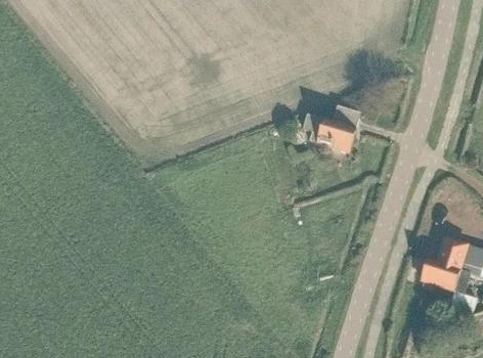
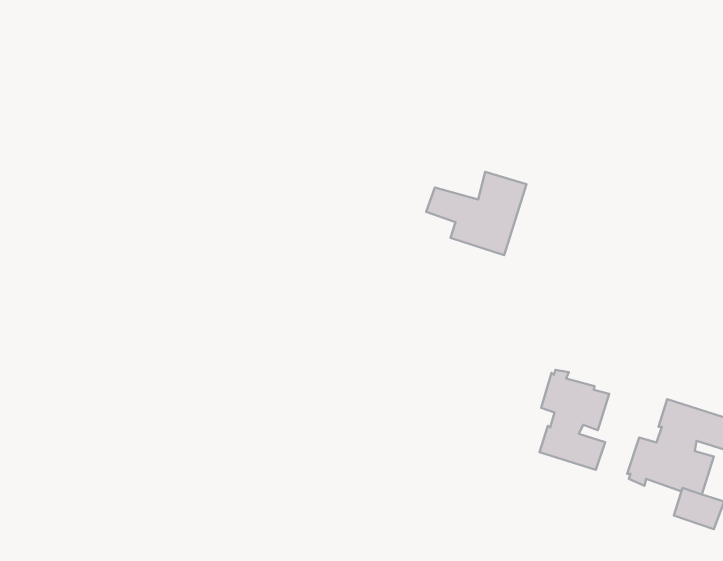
building: none -> [539,370,609,470]

